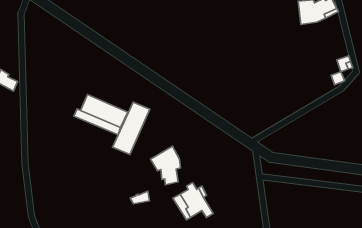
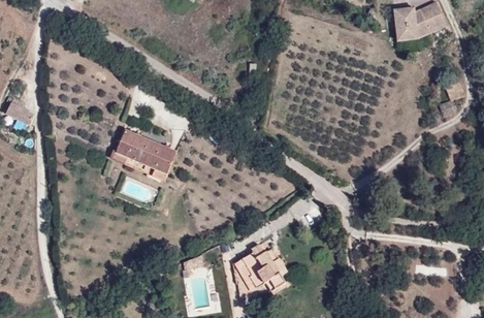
building: [112,102,150,155] -> none
building: [150,146,181,185] -> none

